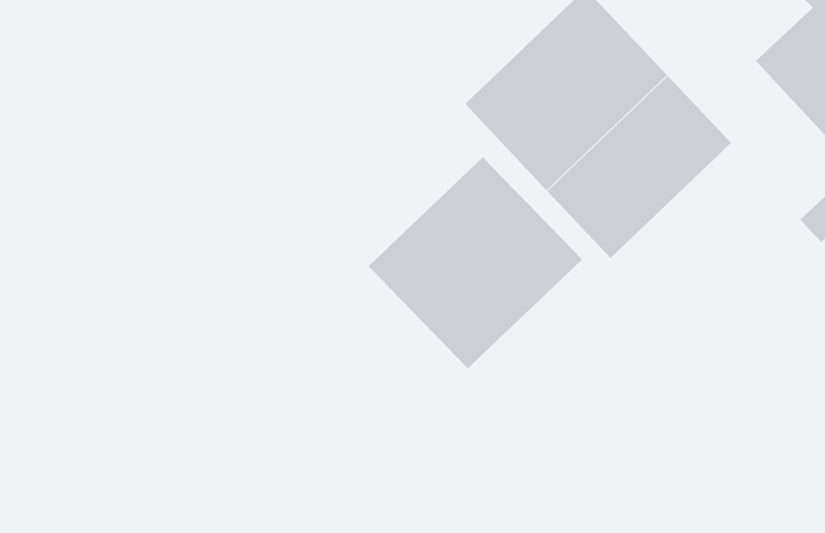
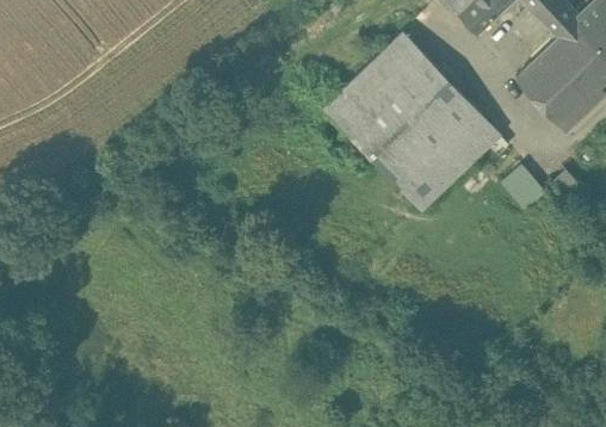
building: [368,157,583,369] -> none
building: none -> [499,163,545,210]

